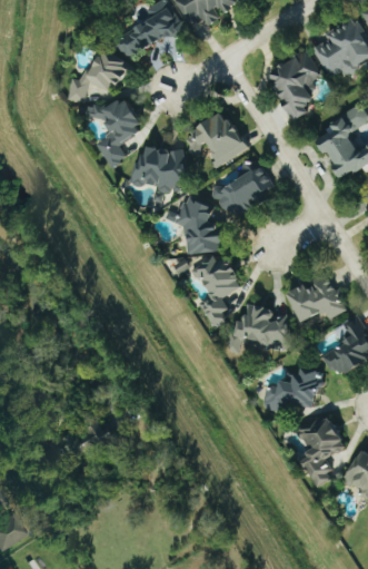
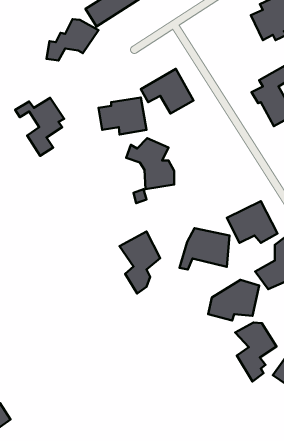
building: [268,51,322,121] -> none
building: [82,98,141,168] -> [15,98,64,156]
building: [209,148,277,219] -> none
building: [192,253,241,327] -> [120,231,160,293]

